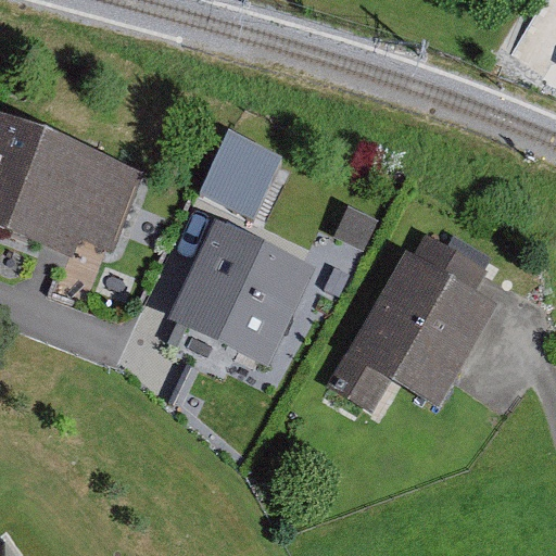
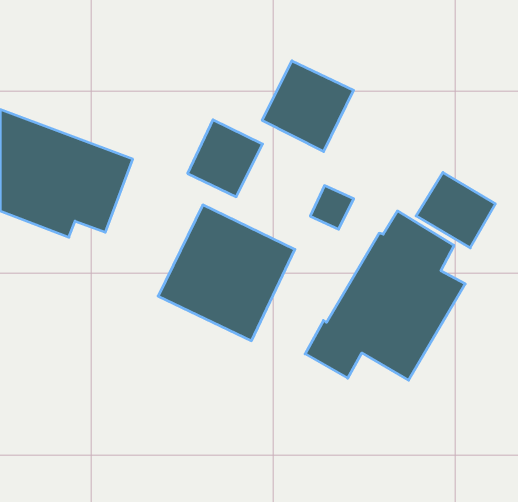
building: none -> [262,61,354,152]
building: none -> [416,172,495,248]

